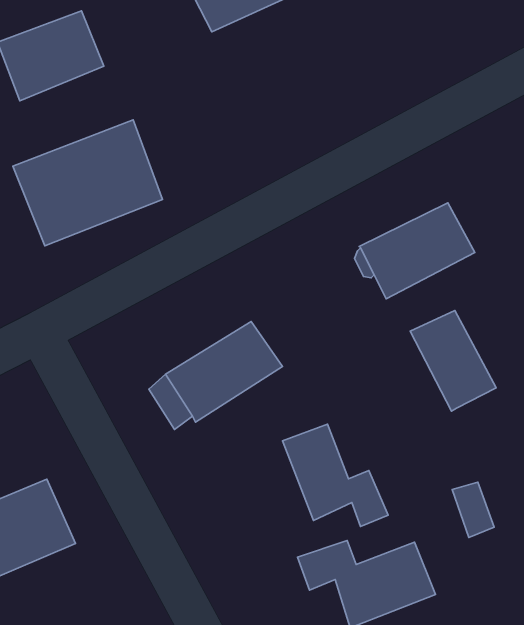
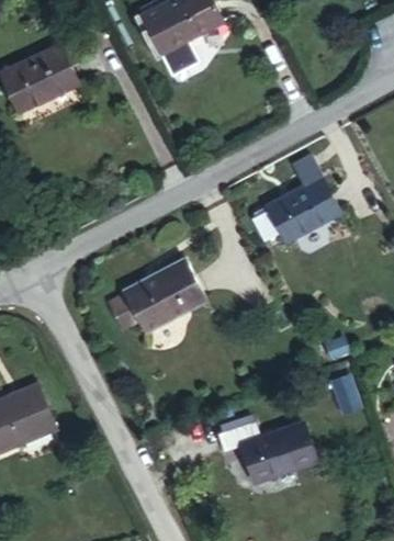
building: [13,120,163,246] -> none
building: [410,311,496,411] -> none
building: [283,424,388,527] -> none

